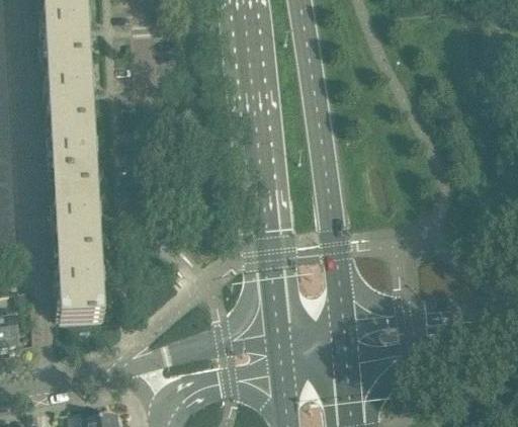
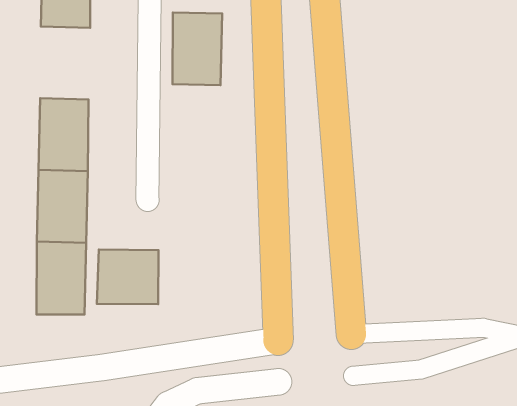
building: [48,62,95,129] -> [172,12,222,85]
building: none -> [97,250,158,304]

